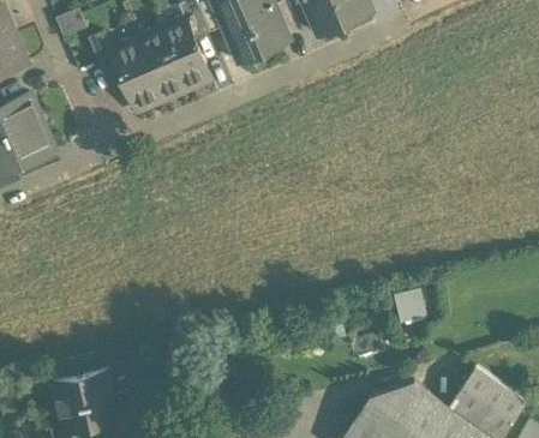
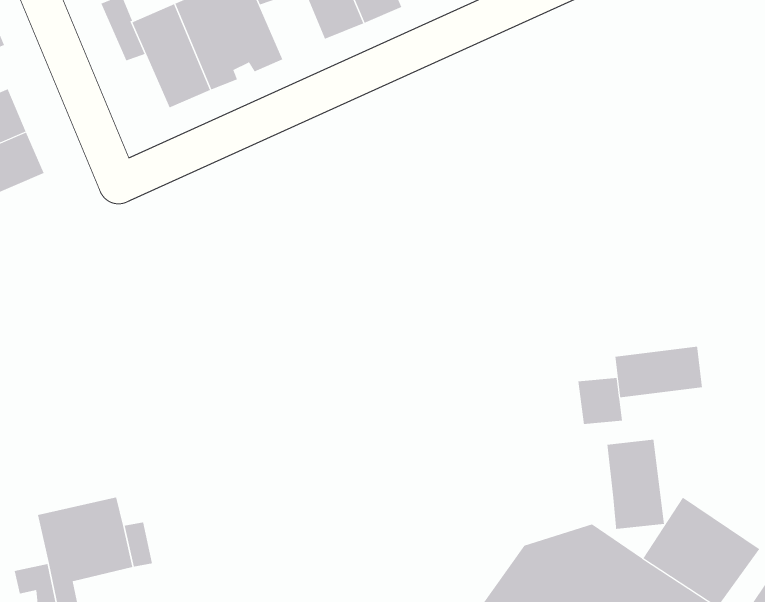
building: none -> [615,346,703,398]
building: none -> [607,439,664,530]

